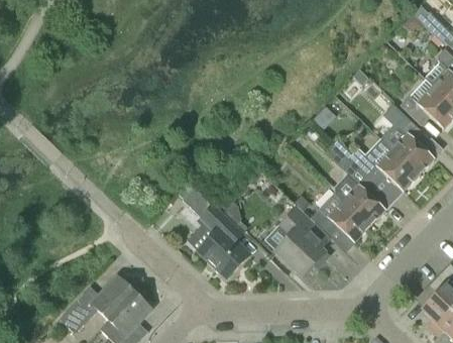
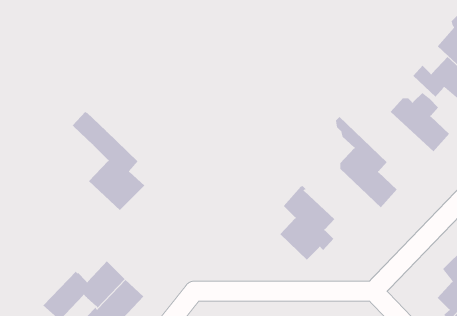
building: [333,136,420,192] -> none
building: [183,186,250,277] -> [72,111,145,211]
building: [310,191,371,243] -> none

